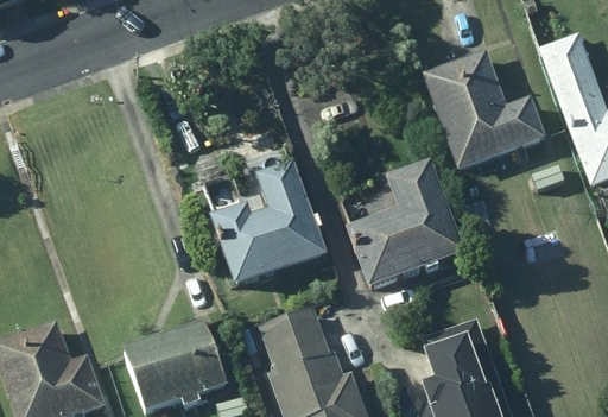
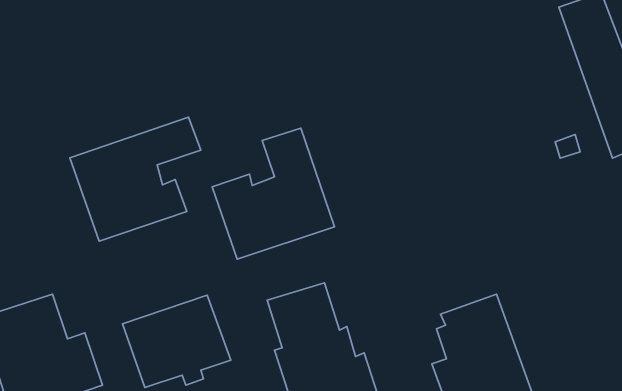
building: [423,49,545,169] -> none
building: none -> [70,117,201,241]
building: [346,159,464,288] -> none

